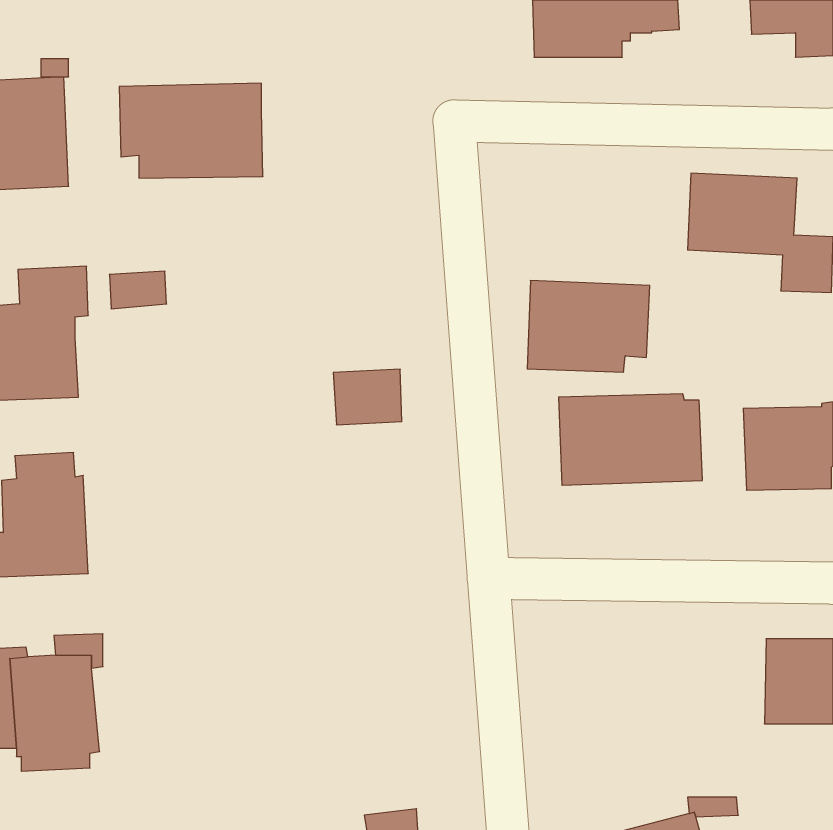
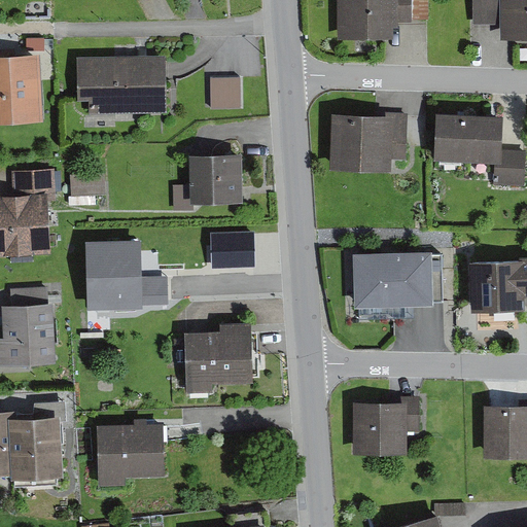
building: none -> [209,78,240,110]
building: none -> [172,153,242,212]
building: [527,281,650,372] -> [329,113,407,171]
building: none -> [85,240,168,309]
building: none -> [183,323,252,394]
building: none -> [352,398,419,454]
building: none -> [96,419,164,487]

